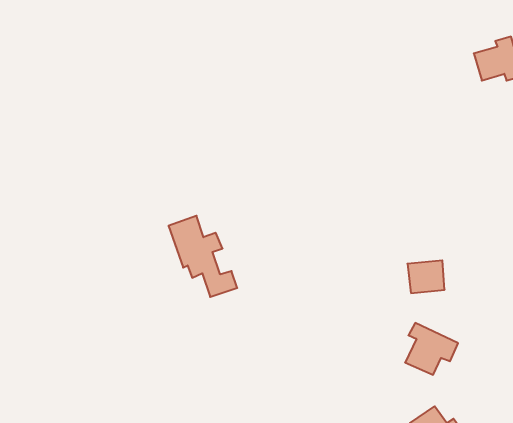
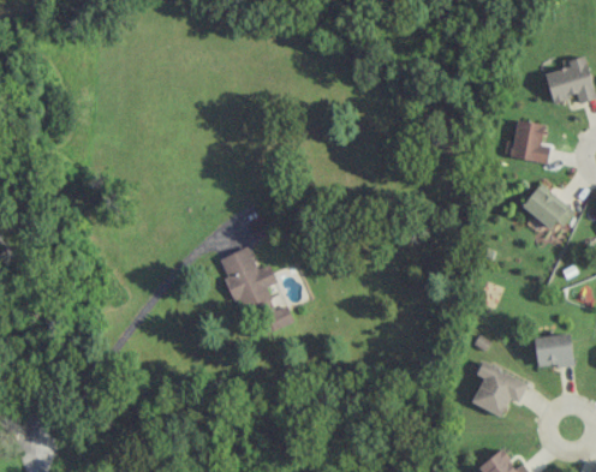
building: none -> [509,120,549,163]
building: none -> [522,184,572,233]
building: [407,260,445,293] -> [534,334,573,369]

